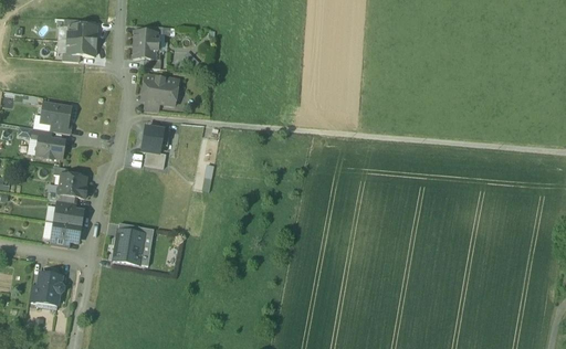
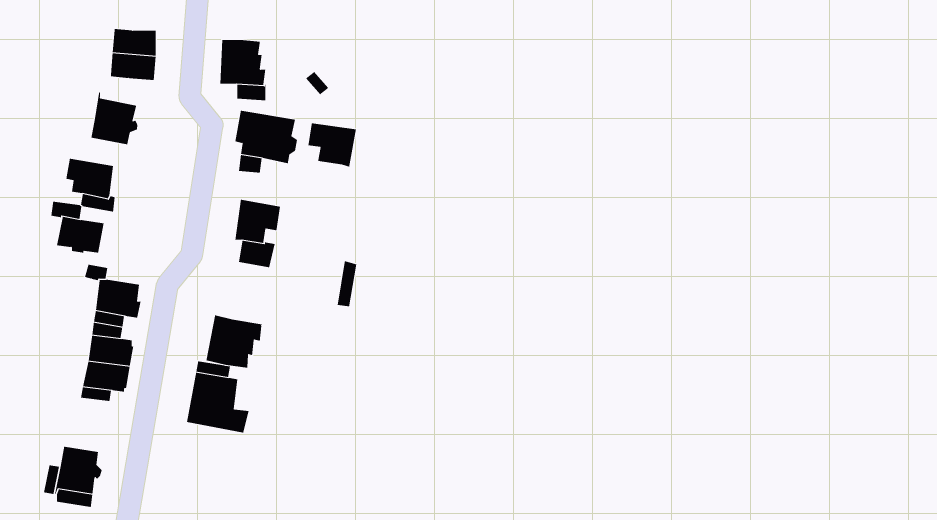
building: none -> [91,92,138,145]
building: none -> [308,123,356,168]
building: none -> [206,315,262,369]

